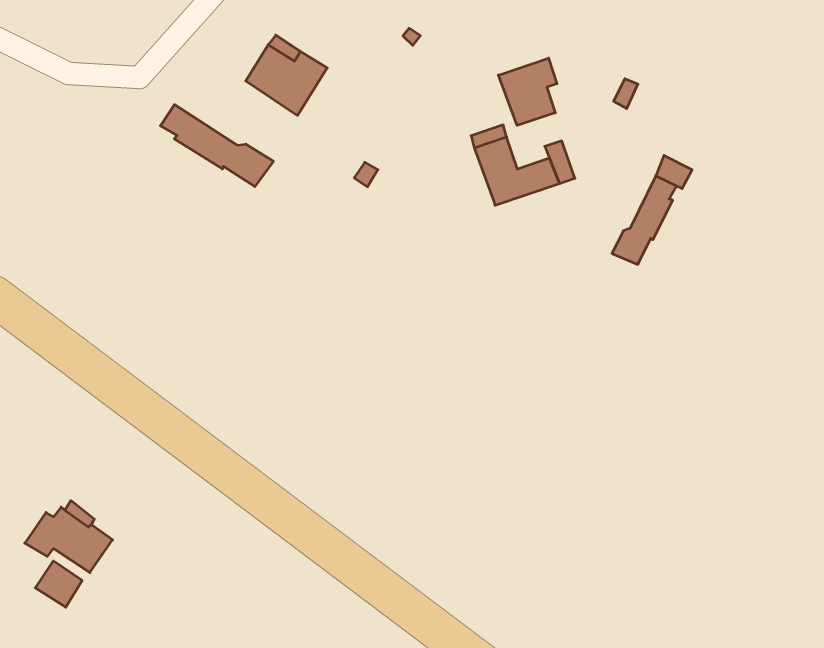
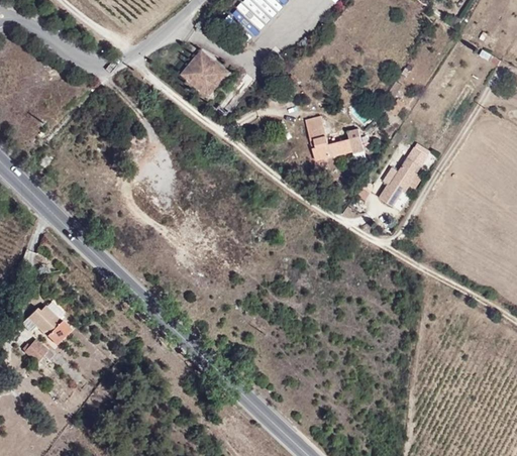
building: [498,58,557,125] -> none
building: [160,105,273,187] -> none

